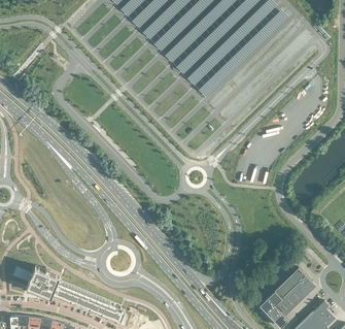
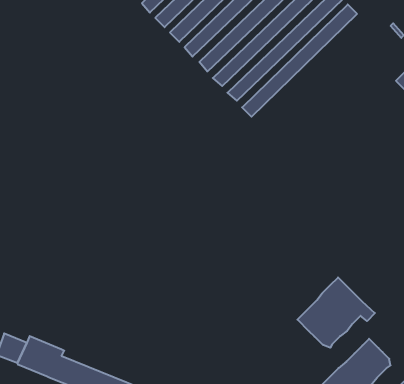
building: none -> [297,277,375,348]

